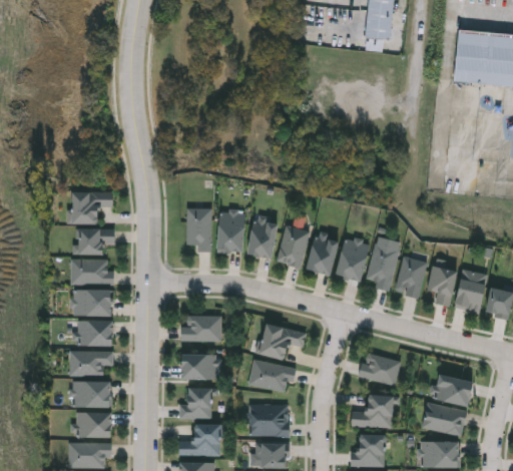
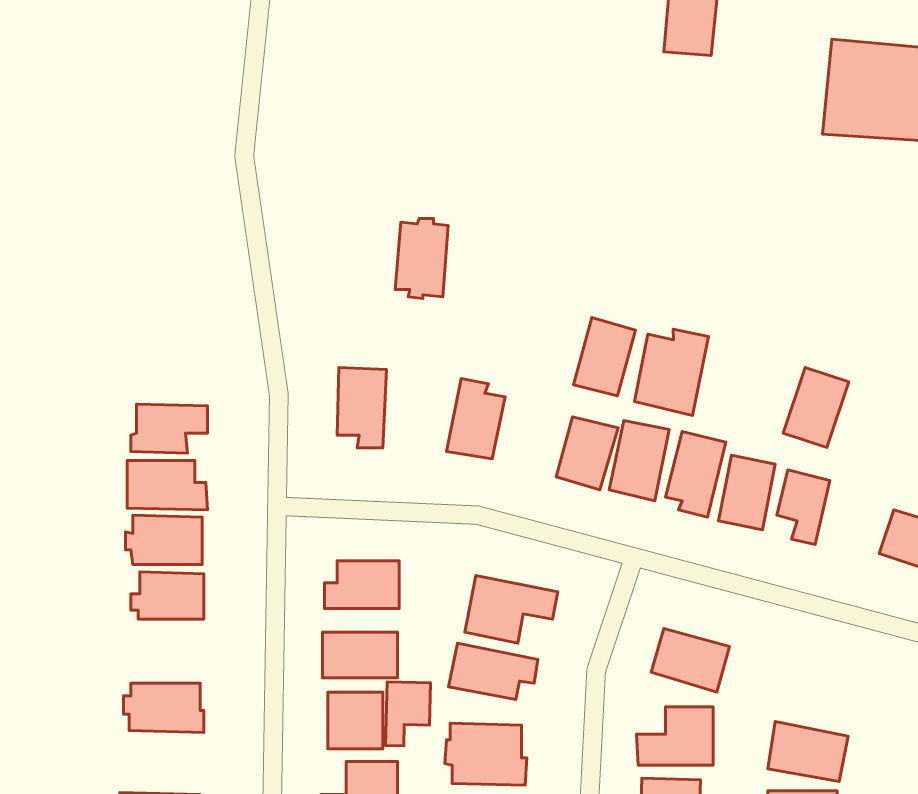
building: none -> [634,329,709,415]
building: [67,192,114,224] -> none
building: [217,210,246,255] -> [395,218,448,299]
building: [277,224,311,268] -> [574,317,636,396]
building: [452,269,488,313] -> [783,367,849,448]
building: [70,351,115,377] -> none
building: [433,374,474,406] -> none
building: none -> [386,682,431,746]
building: [71,413,111,438] -> none

